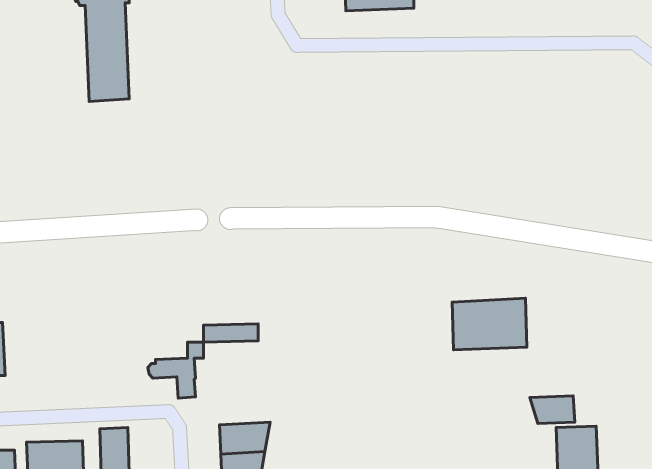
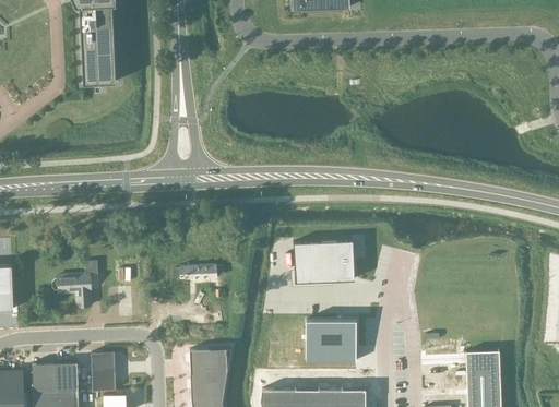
building: [452,298,527,350] -> [294,240,355,283]
building: [148,342,204,398] -> [52,262,98,308]
building: none -> [307,320,357,361]
building: [530,396,575,423] -> none

